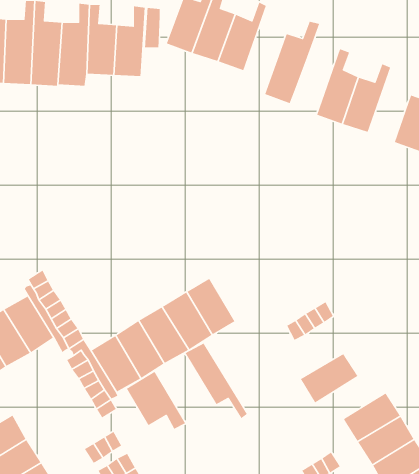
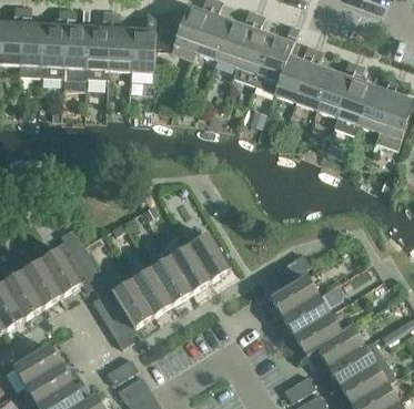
building: none -> [232,12,271,84]
building: none -> [274,44,314,101]
building: none -> [333,62,372,133]
building: none -> [271,275,317,315]
building: [185,342,248,419] -> none
building: [126,371,186,430] -> none
building: none -> [294,313,341,355]

